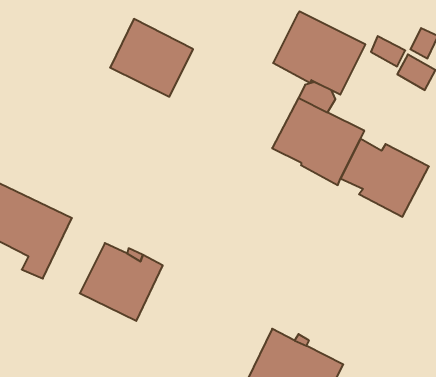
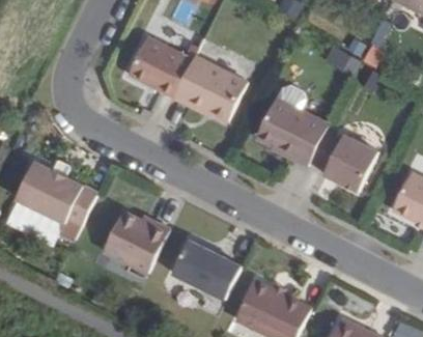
building: [273,11,365,95] -> [173,56,246,121]
building: none -> [170,240,241,300]

